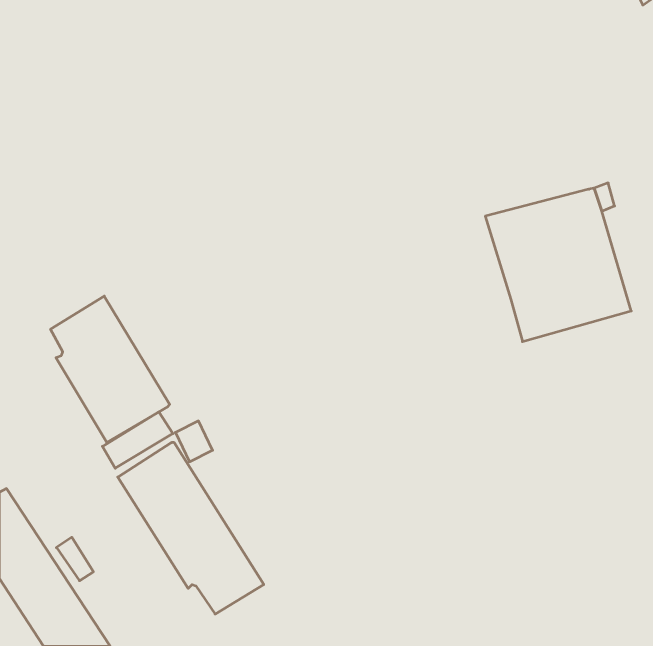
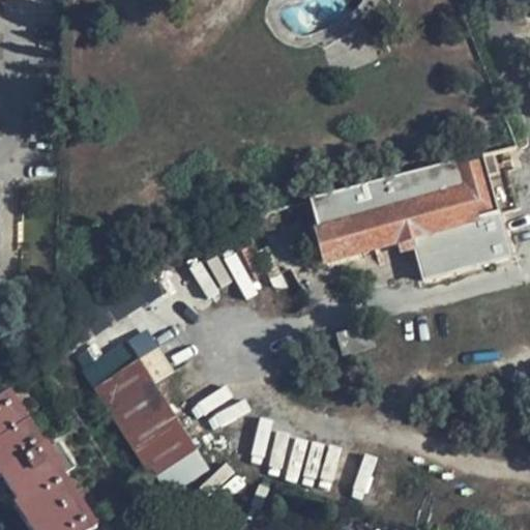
building: none -> [303,175,413,271]
building: [51,296,170,443] -> none

